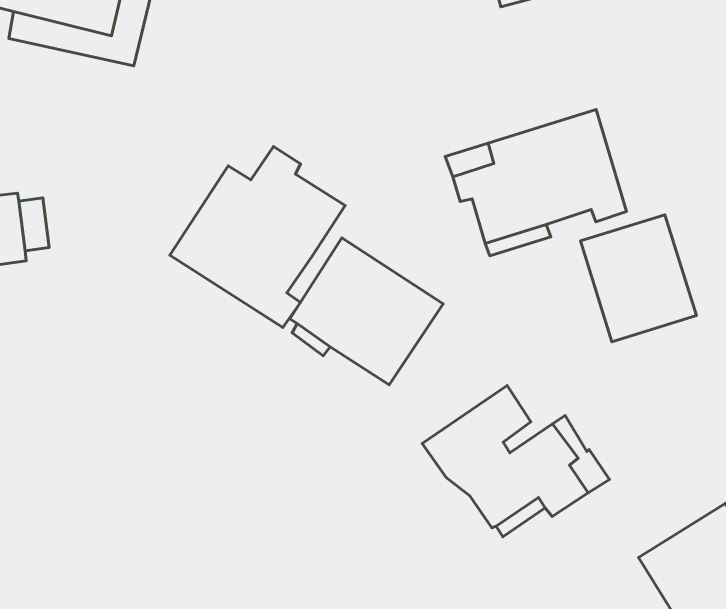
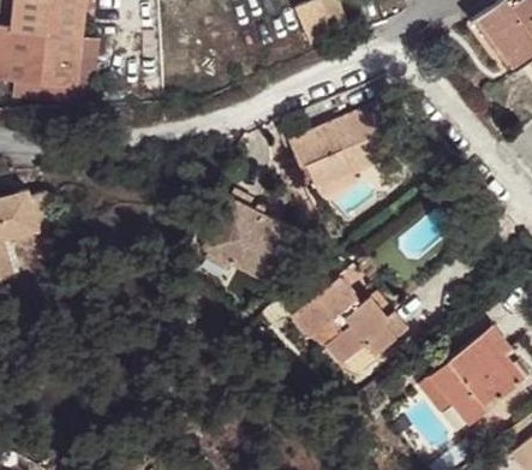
building: [170,146,345,327] -> none
building: [580,215,696,342] -> none

